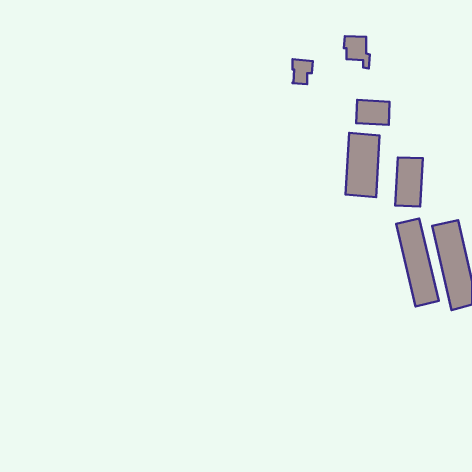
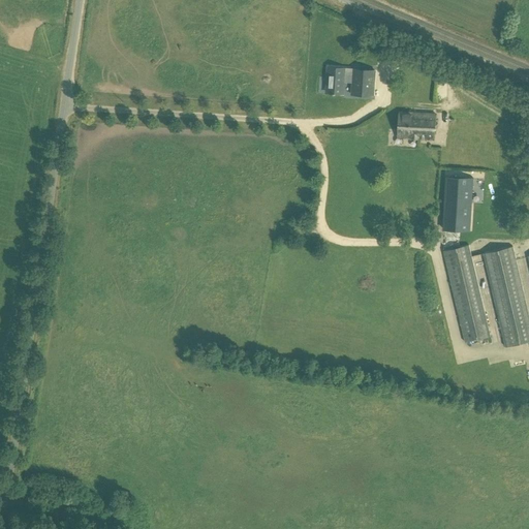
building: [344,36,370,68] -> [348,68,377,104]
building: [345,133,380,197] -> none

